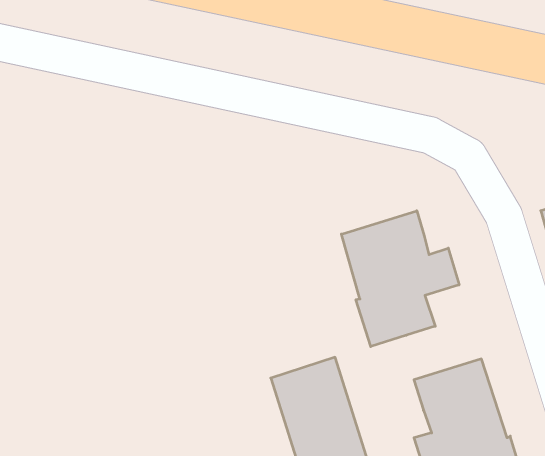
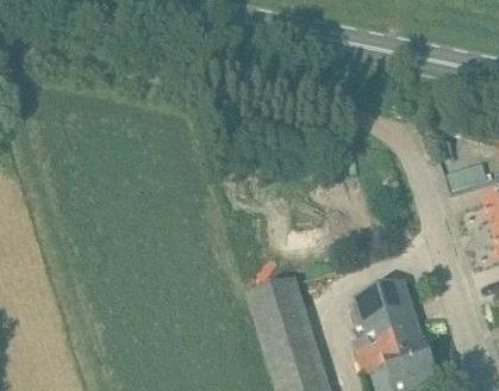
building: [341,211,459,347] -> none

